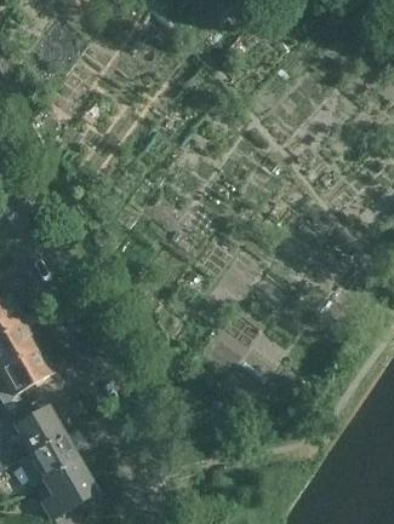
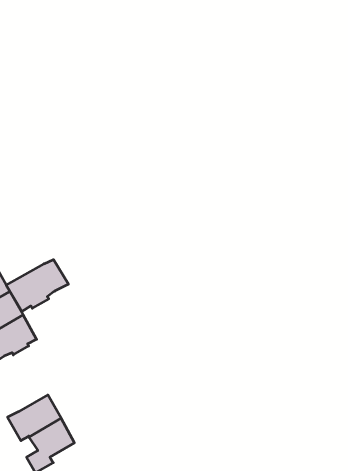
building: none -> [6,260,68,312]
building: [18,408,64,453] -> none

